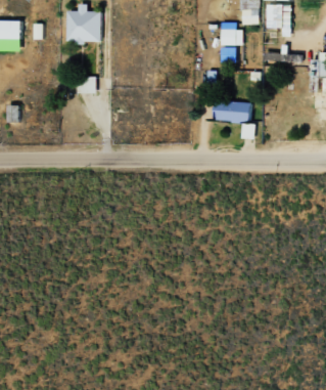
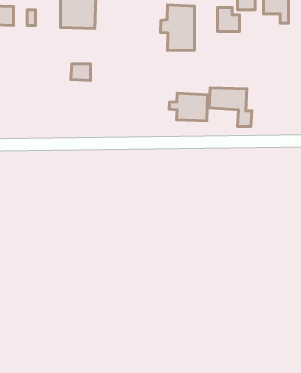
building: none -> [161,5,195,50]
building: none -> [169,93,208,121]

